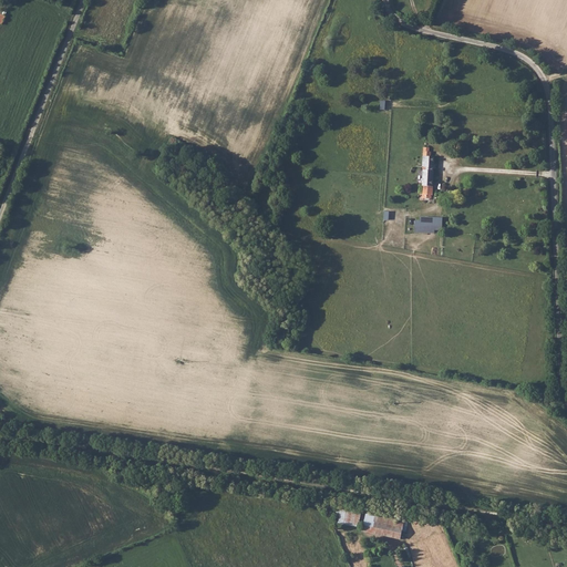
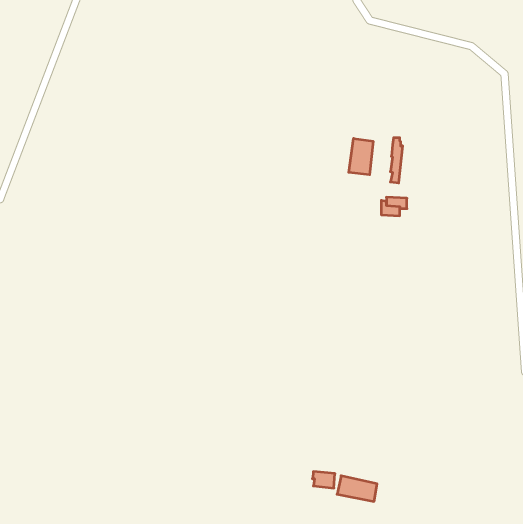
building: none -> [349,138,373,175]

